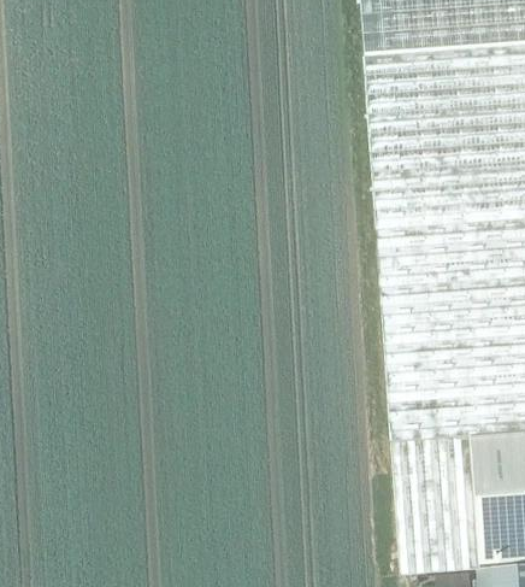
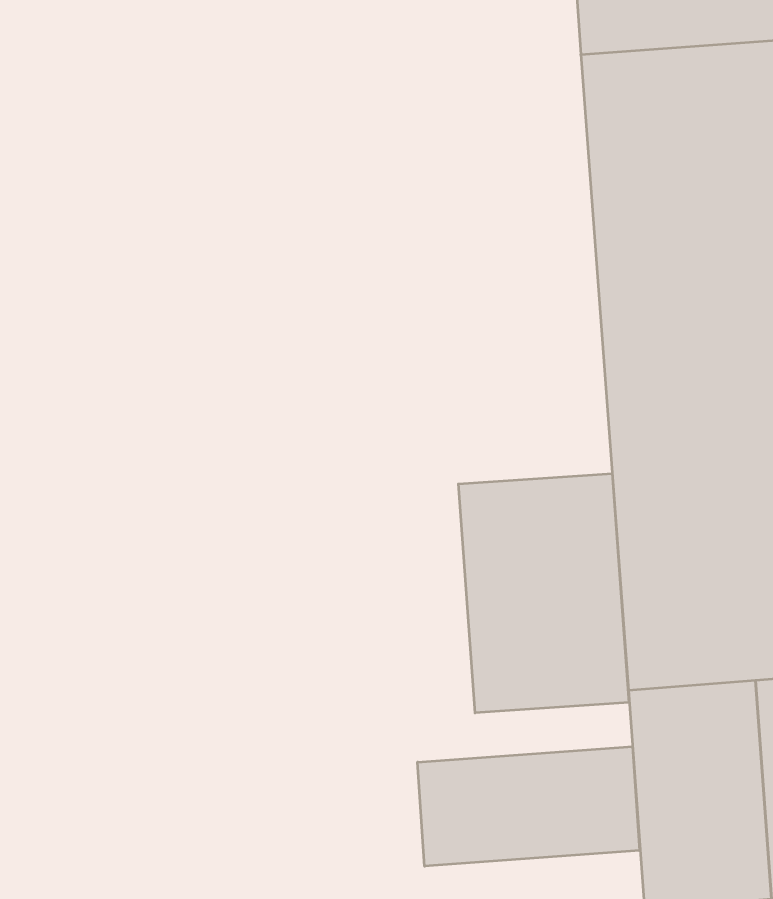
building: none -> [458,473,629,713]
building: none -> [418,746,639,866]

